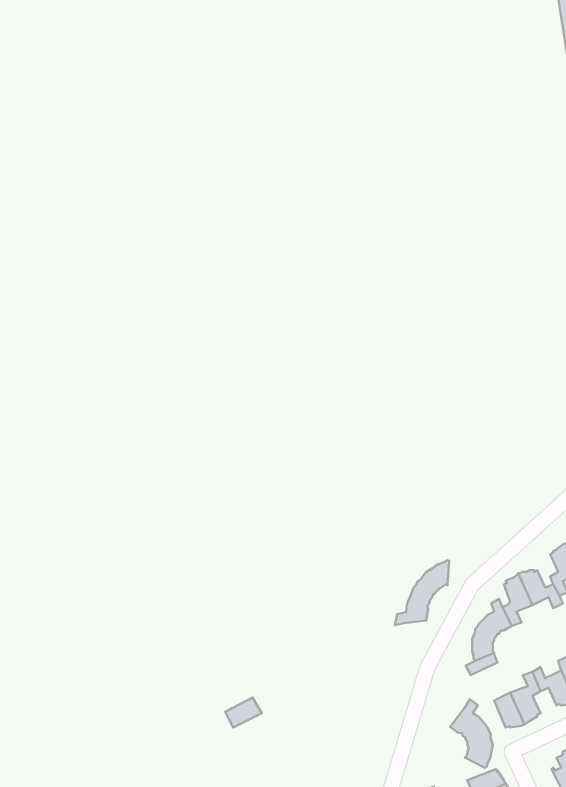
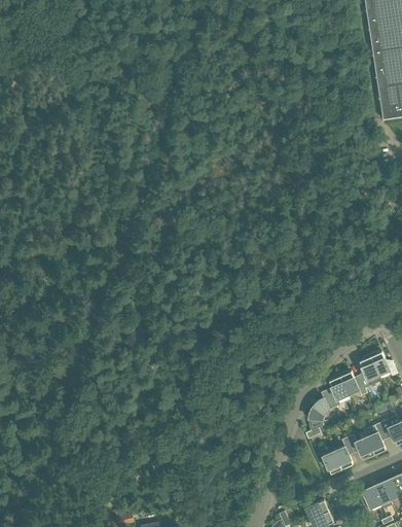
building: [395,560,449,625] -> none
building: [450,699,493,768] -> none

